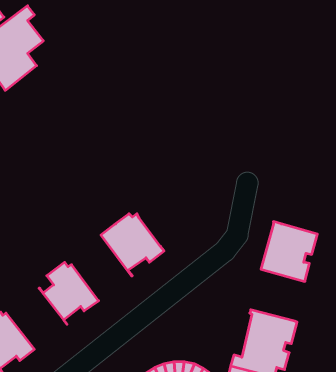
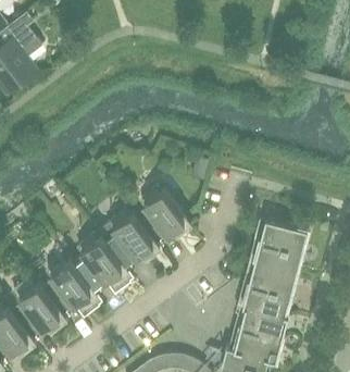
building: none -> [135,189,190,245]
building: none -> [70,234,127,297]
building: none -> [242,266,295,317]
building: none -> [7,281,65,344]

